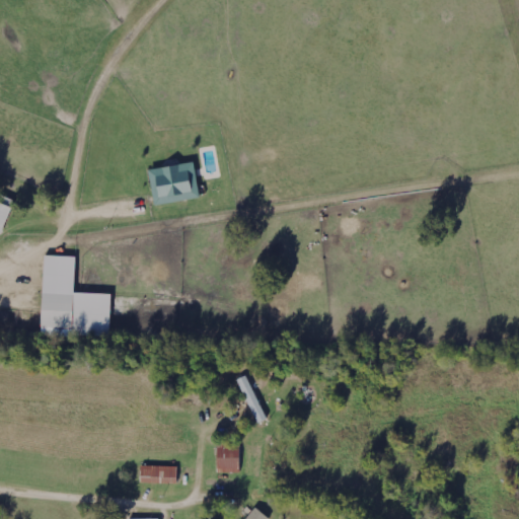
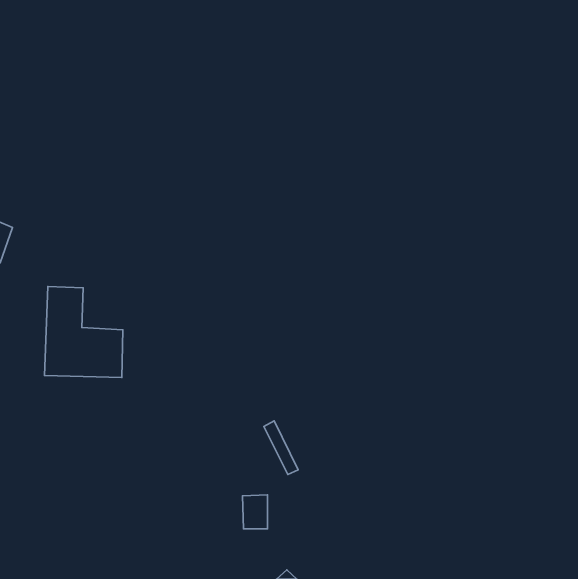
building: [148,162,198,205] -> none
building: [140,465,175,484] -> none

